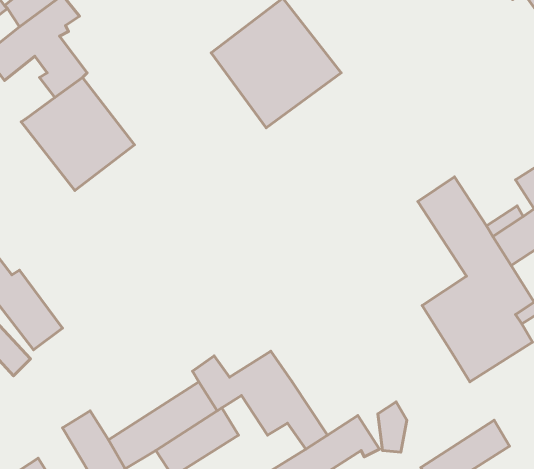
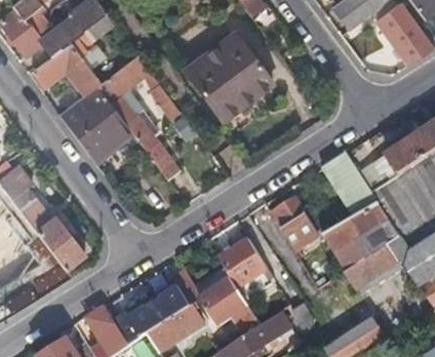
building: none -> [97,53,171,168]
building: none -> [272,197,321,248]
building: none -> [218,239,269,289]

